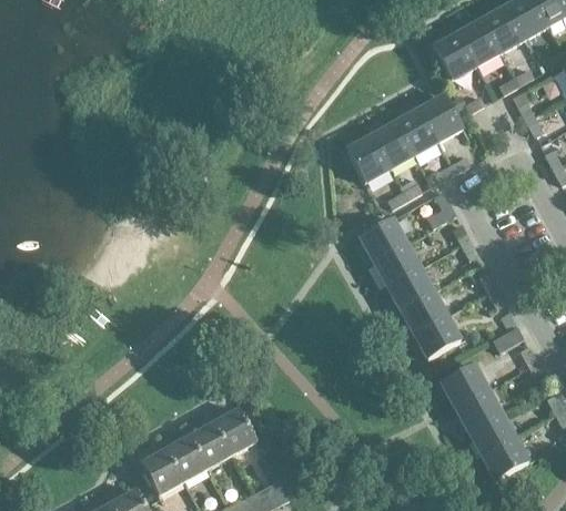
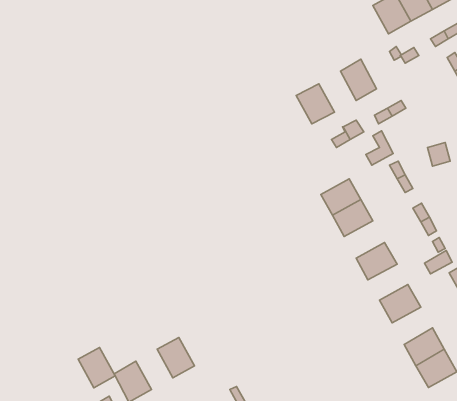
building: [421,94,464,141] -> none
building: [373,121,415,167] -> none
building: [361,217,407,260] -> none
building: [402,290,447,333] -> none
building: [456,388,502,430] -> none
building: [214,408,257,454] -> none
building: [165,436,208,481] -> [78,348,115,388]

